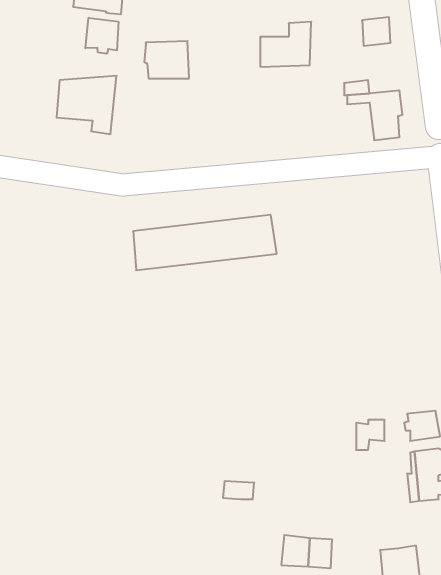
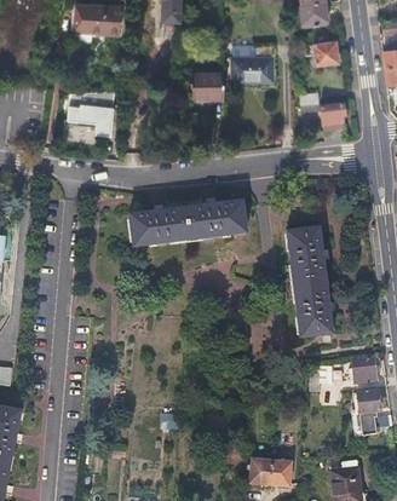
building: [85,18,118,54] -> none
building: [144,41,189,78] -> [189,70,225,100]
building: none -> [287,228,332,338]

